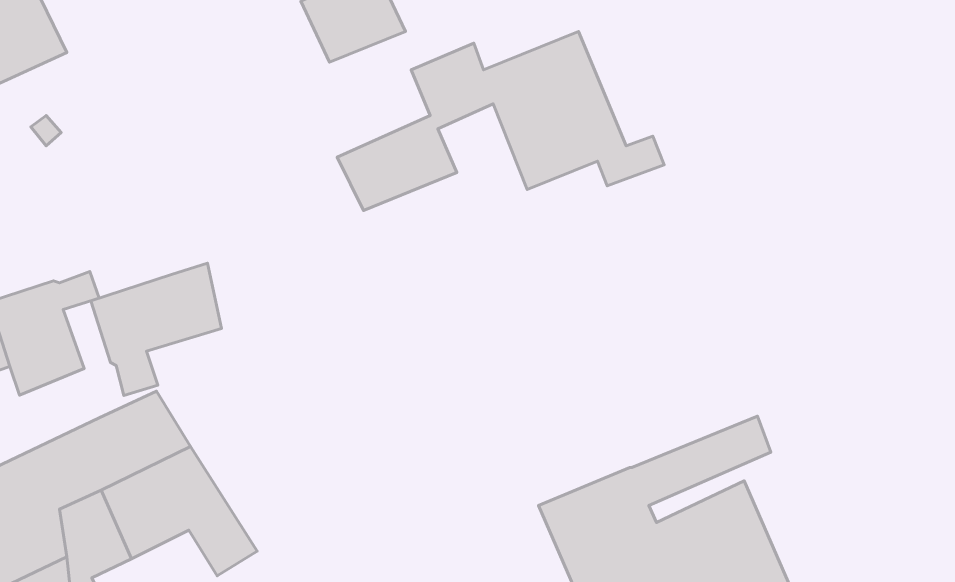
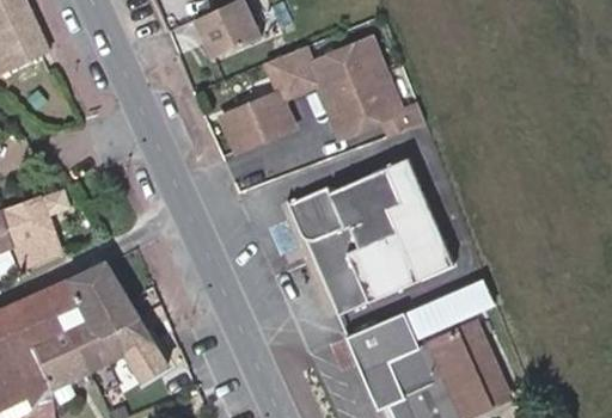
building: none -> [288,158,454,315]
building: [91,263,221,395] -> none

